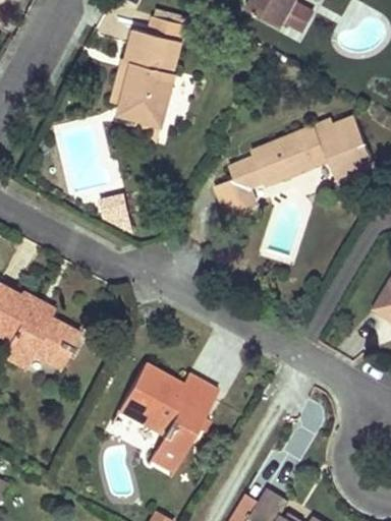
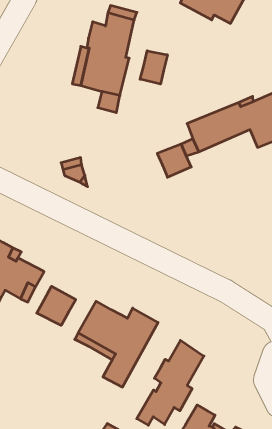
building: none -> [140,51,167,84]
building: none -> [37,286,76,325]
building: none -> [137,340,204,425]

